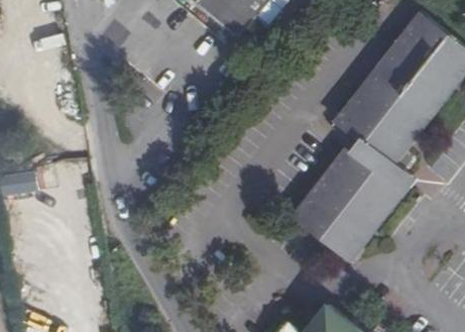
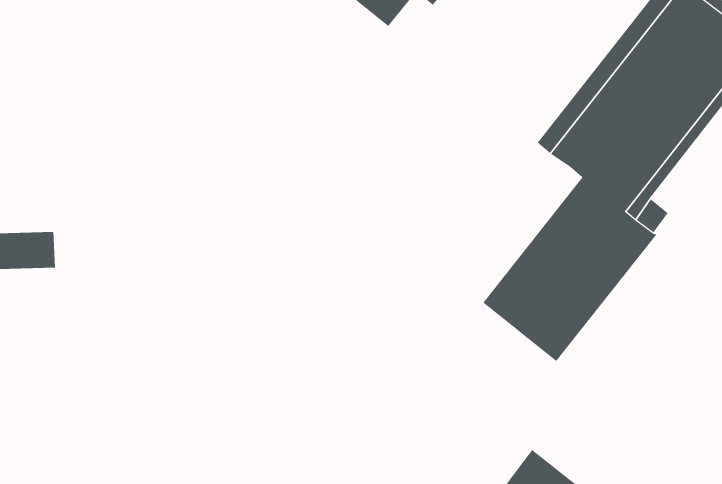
building: [289,133,412,262] -> none

